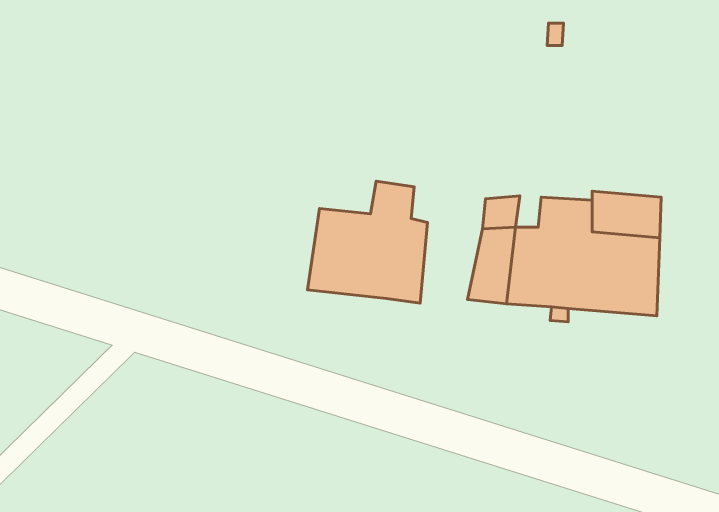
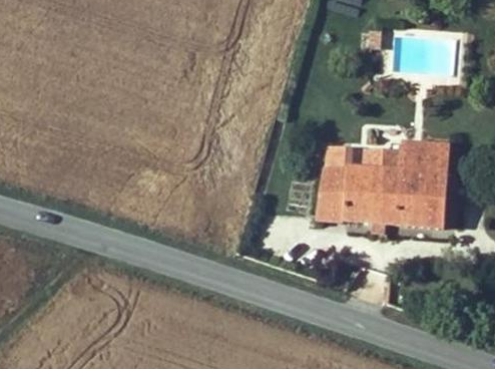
building: [308,181,428,303] -> none

